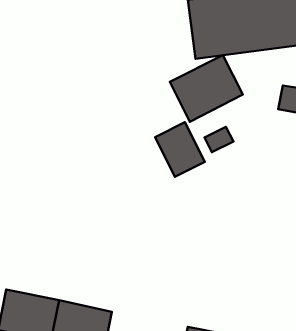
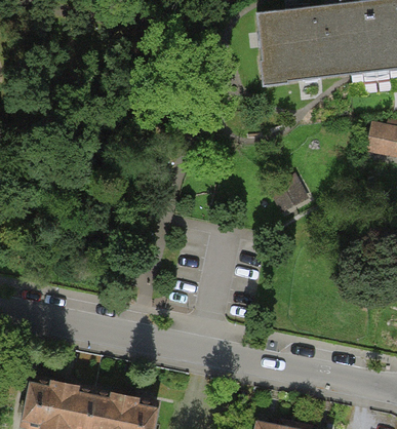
building: [170,55,243,122] -> none
building: [155,122,205,177] -> none

